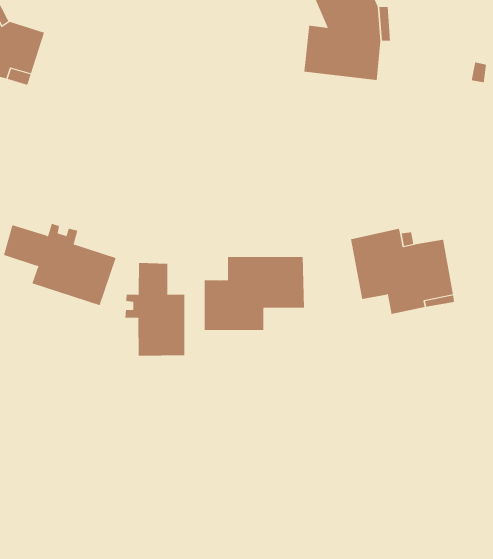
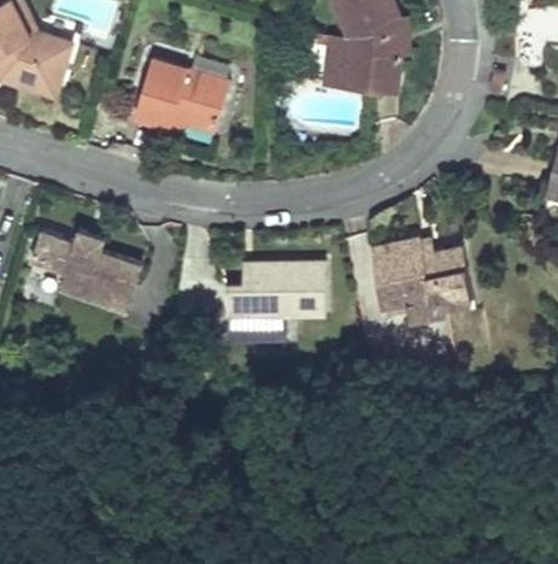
building: none -> [134,61,228,131]
building: [125,262,185,356] -> none

